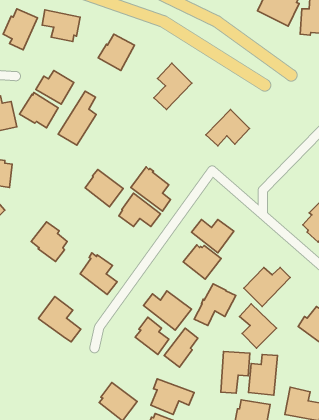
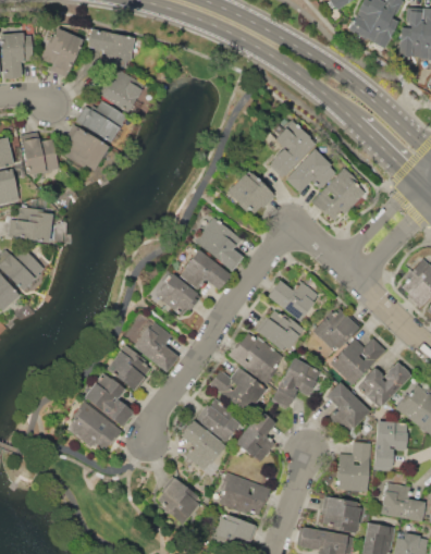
building: [98,34,135,70] -> [101,69,145,112]
building: [154,63,192,109] -> [270,121,316,176]
building: [58,91,96,145] -> none
building: none -> [312,168,367,221]
building: none -> [229,172,274,214]
building: [85,170,123,207] -> [156,272,201,317]
building: [31,222,67,262] -> [107,344,150,392]
building: none -> [312,305,360,349]
building: none -> [229,332,284,383]
building: none -> [357,359,414,408]
building: none -> [62,399,123,452]
building: none -> [182,420,226,470]
building: [221,351,250,393] -> [373,420,408,470]

